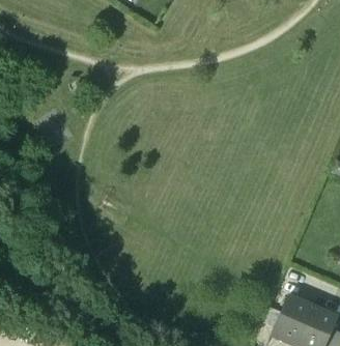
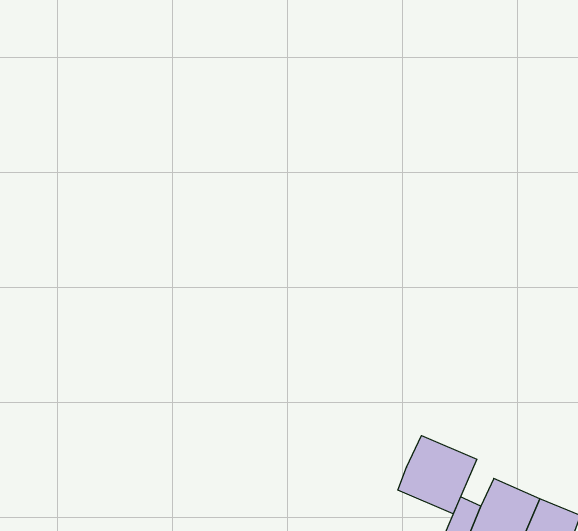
building: none -> [398,436,477,514]

